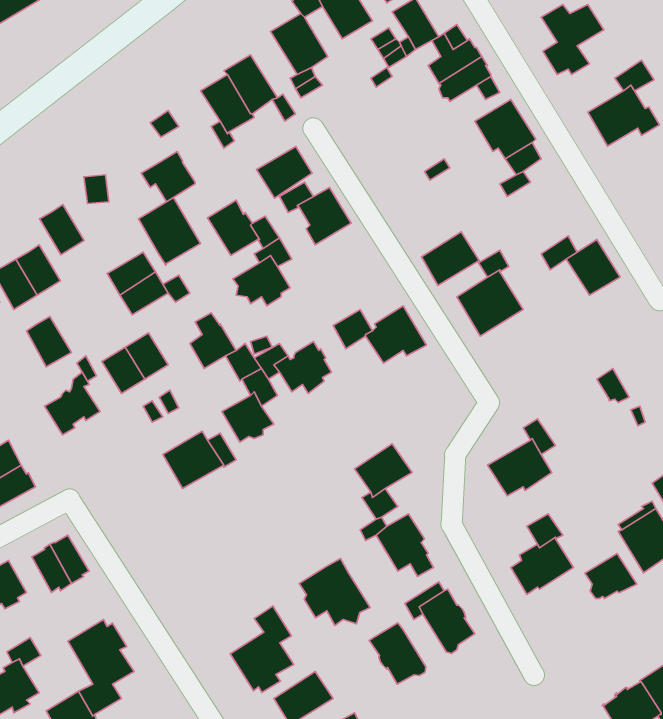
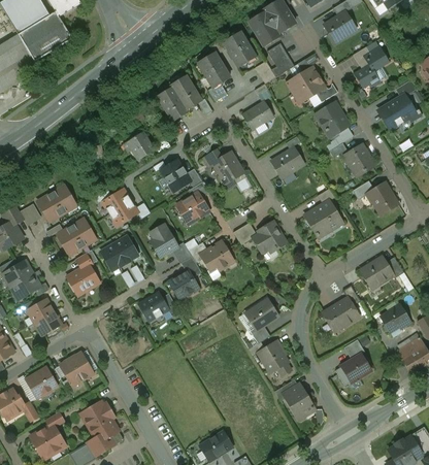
building: [256,146,312,198] -> [241,100,273,130]
building: none -> [343,143,374,175]
building: [139,197,201,265] -> none
building: [39,205,84,255] -> [70,218,96,246]
building: [422,232,479,286] -> [271,146,304,177]
building: none -> [360,256,392,283]
building: [585,554,637,598] -> [381,304,410,330]
building: [299,558,370,625] -> none
building: [230,606,294,693] -> none
building: [369,623,426,684] -> none

